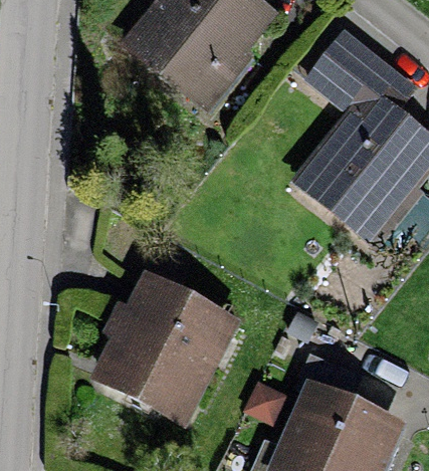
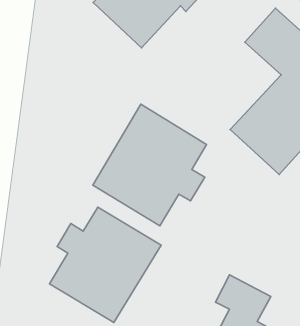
building: none -> [93,104,207,226]

